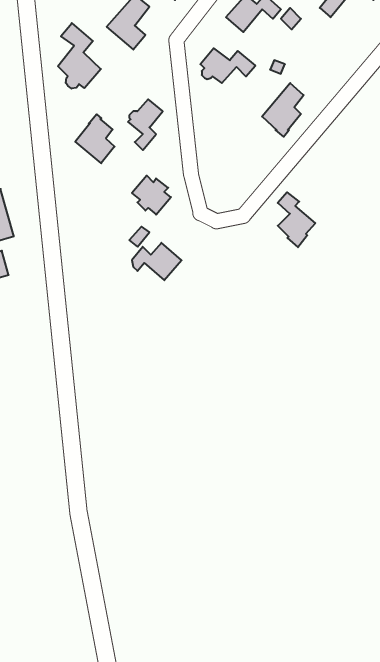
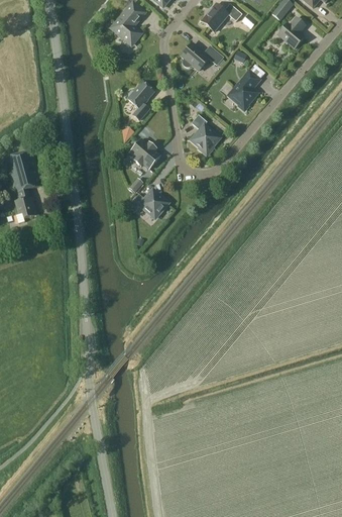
building: none -> [277,17,305,48]
building: [58,23,101,89] -> none
building: [75,114,115,163] -> none
building: [278,192,315,247] -> [191,114,219,156]

